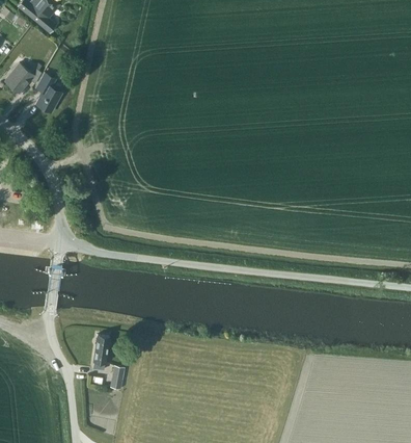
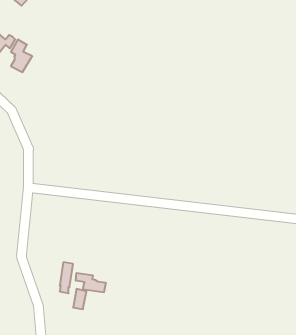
building: none -> [76,273,106,292]

